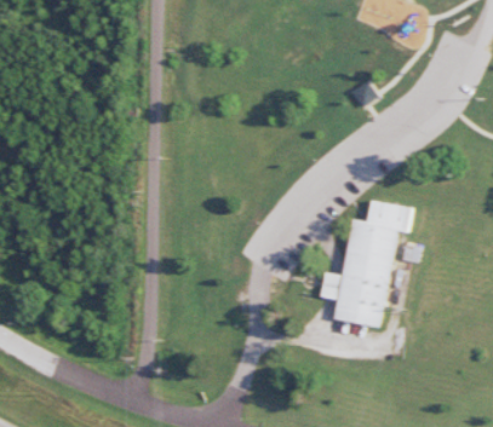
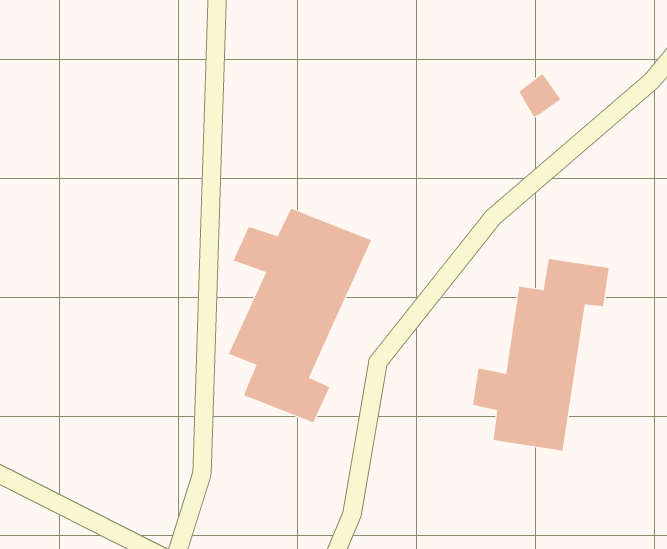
building: none -> [228,208,372,423]

